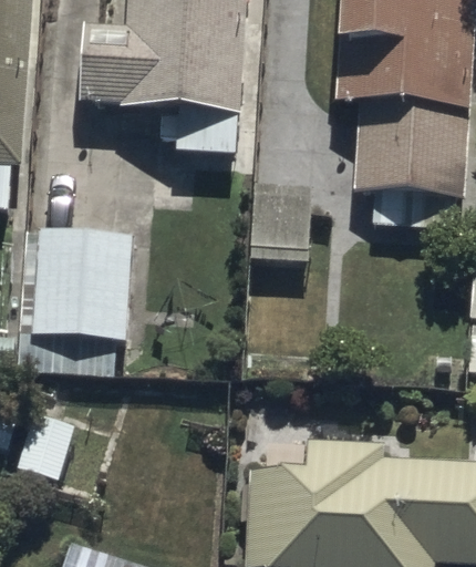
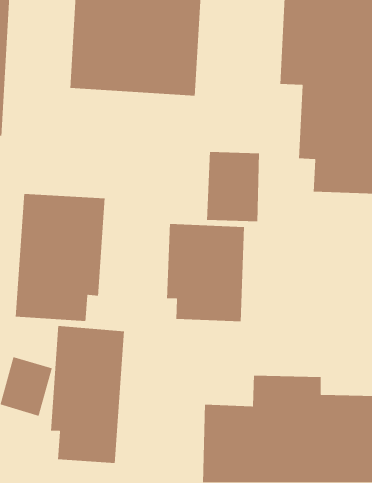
building: none -> [166,223,245,322]
building: none -> [50,325,125,464]

